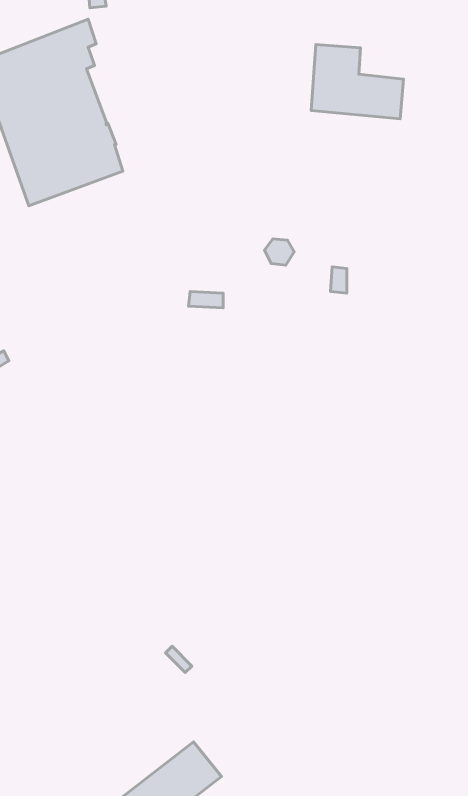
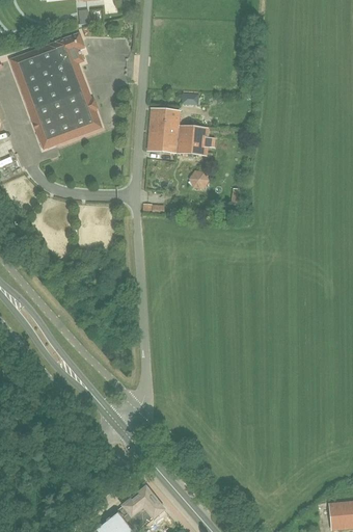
building: [311,45,403,119] -> [148,108,207,155]

